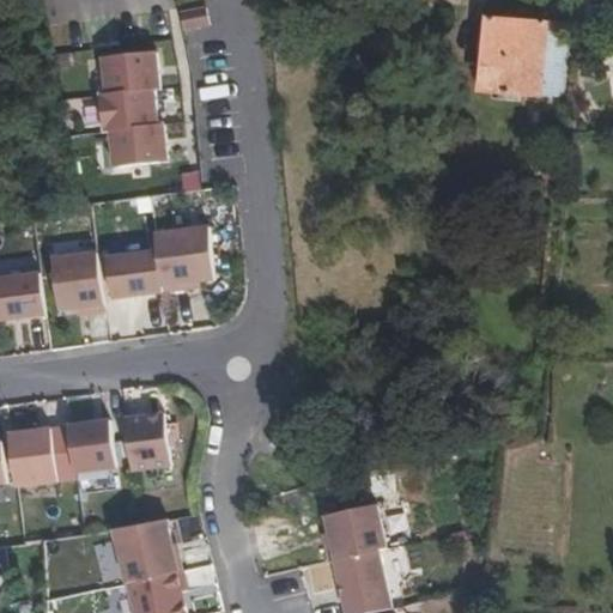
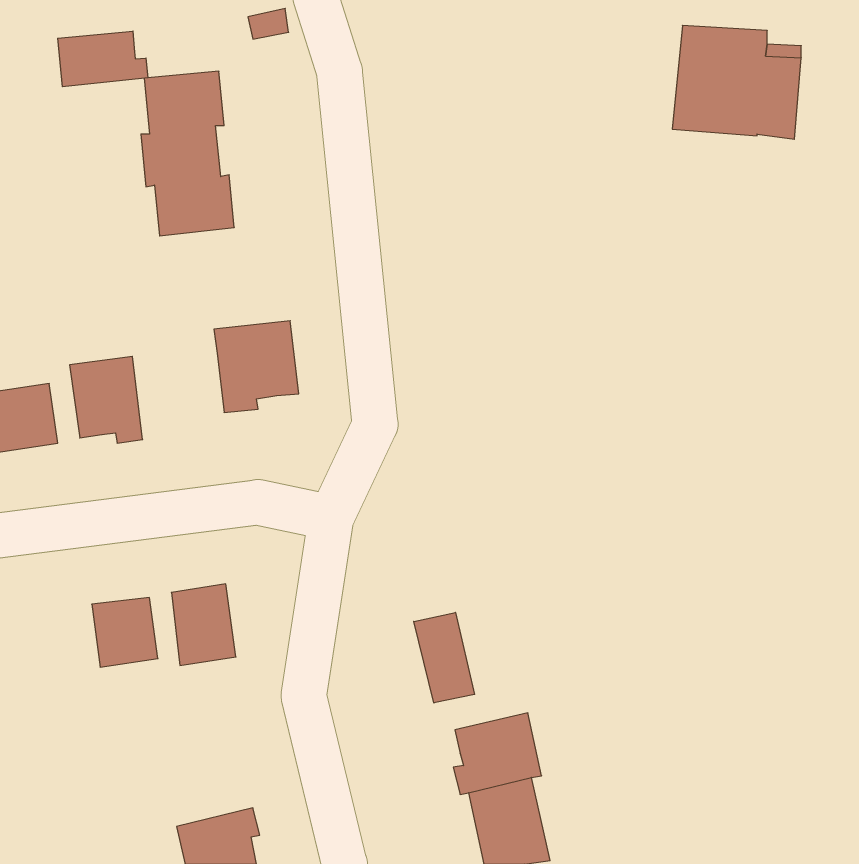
building: none -> [58,31,148,87]
building: [103,249,158,298] -> none
building: [5,427,53,485] -> none
building: none -> [414,612,475,703]
building: [113,527,178,583] -> none

